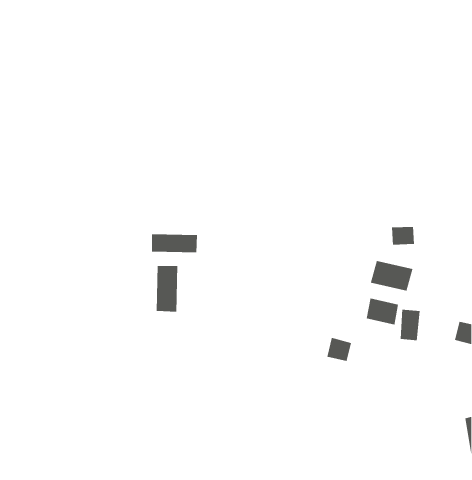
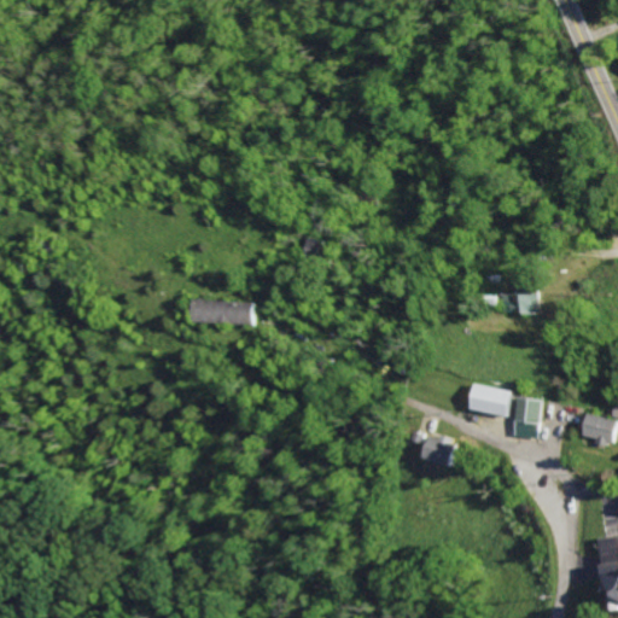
building: [370,260,413,292] -> none
building: [156,265,178,312] -> none

